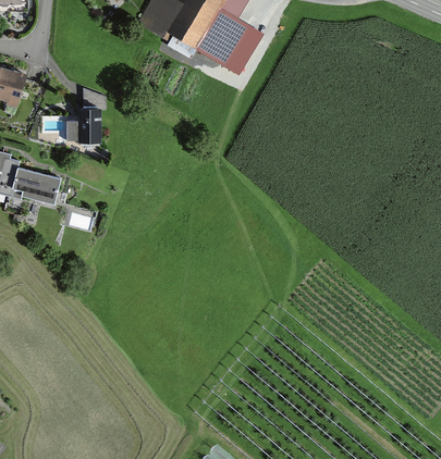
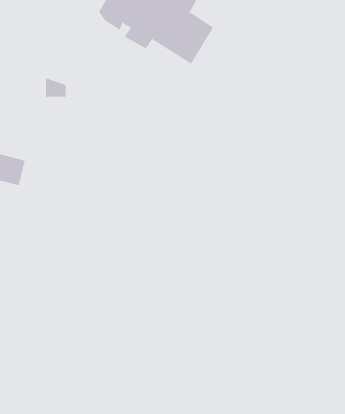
building: [66,110,100,141] -> none

